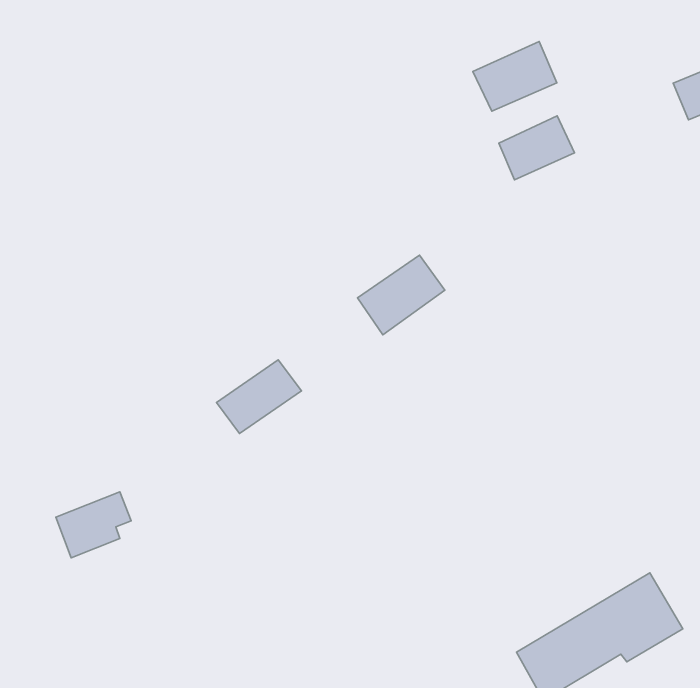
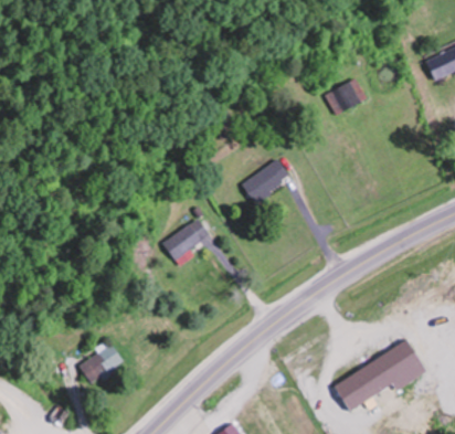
building: [473,42,557,111] -> none
building: [56,492,131,558] -> [78,347,121,384]

